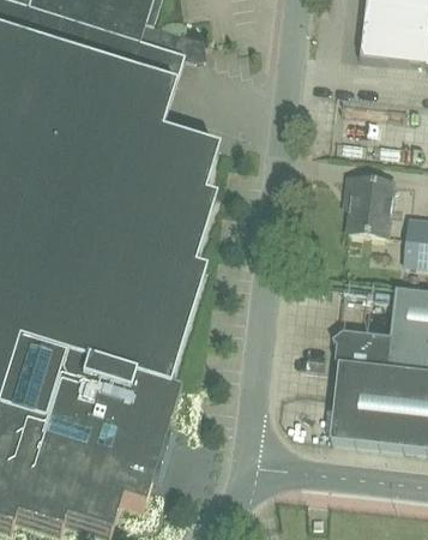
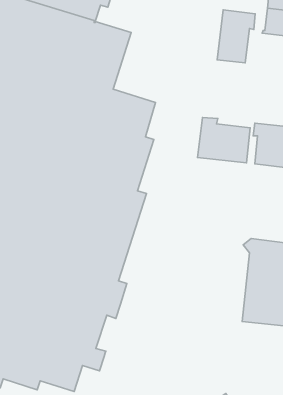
building: none -> [217,10,255,63]
building: none -> [198,117,250,163]

